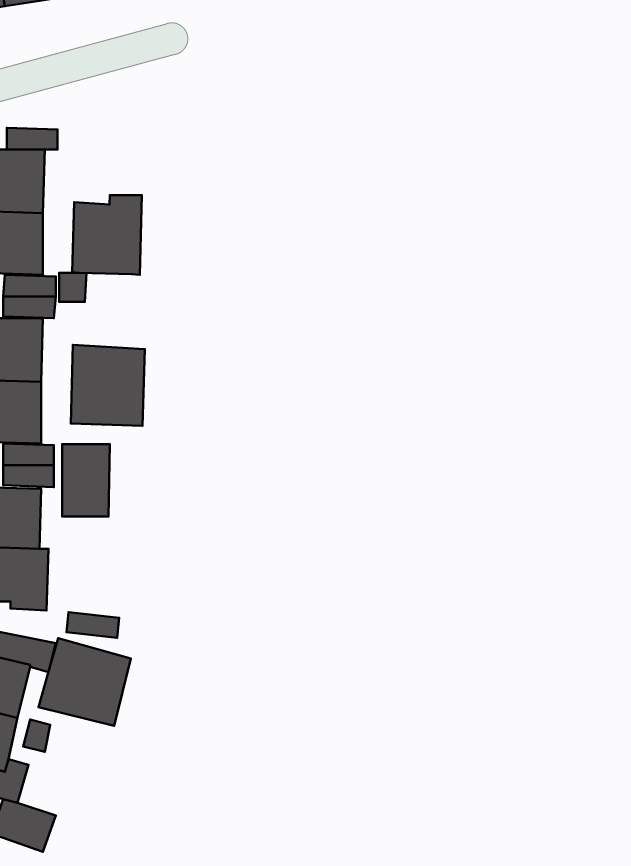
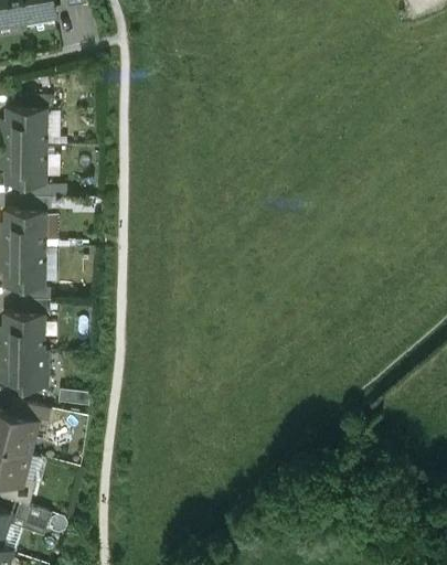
building: [72,195,142,275] -> none
building: [71,345,145,426] -> none
building: [62,444,110,517] -> none
building: [39,638,131,726] -> none

